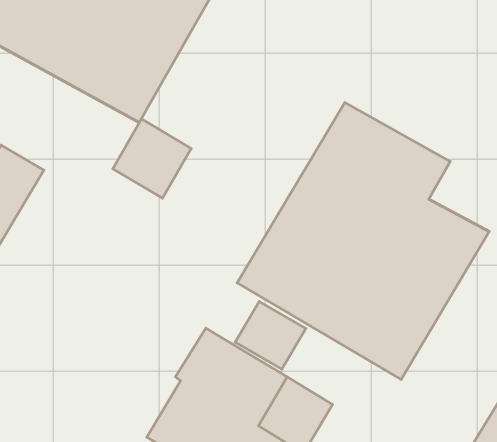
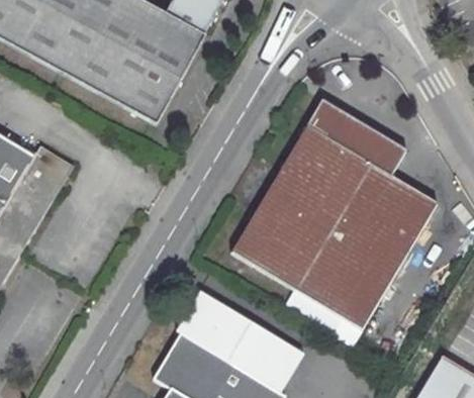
building: [113,119,191,198] -> none
building: [235,302,306,369] -> none

